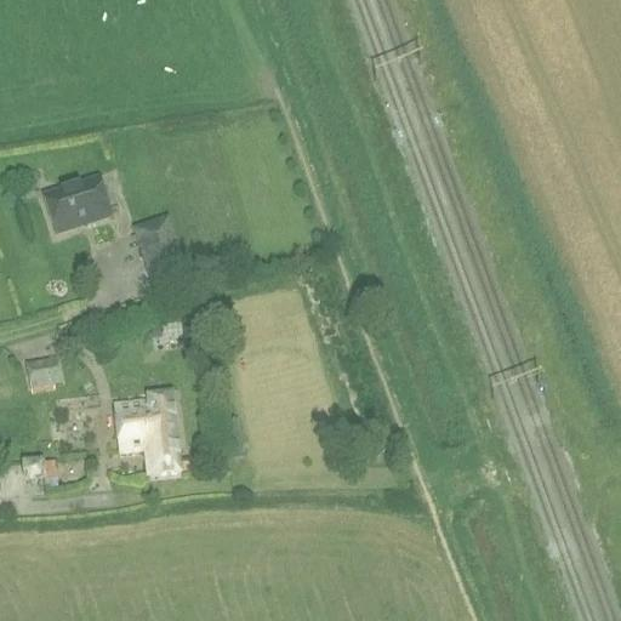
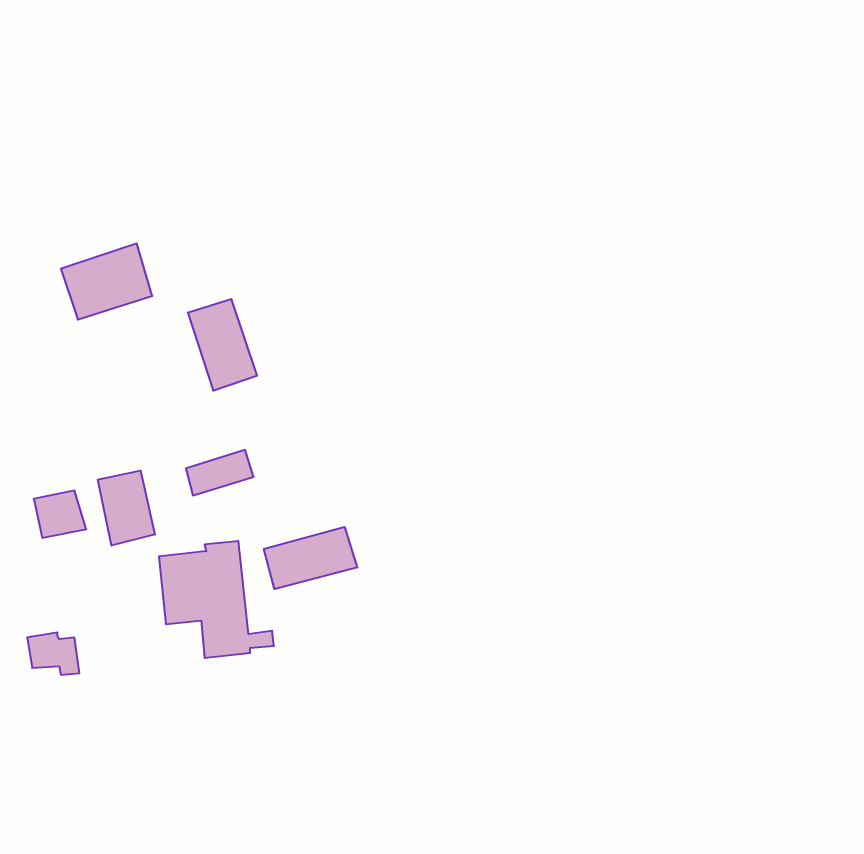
building: none -> [98,471,155,546]
building: none -> [264,527,357,589]

